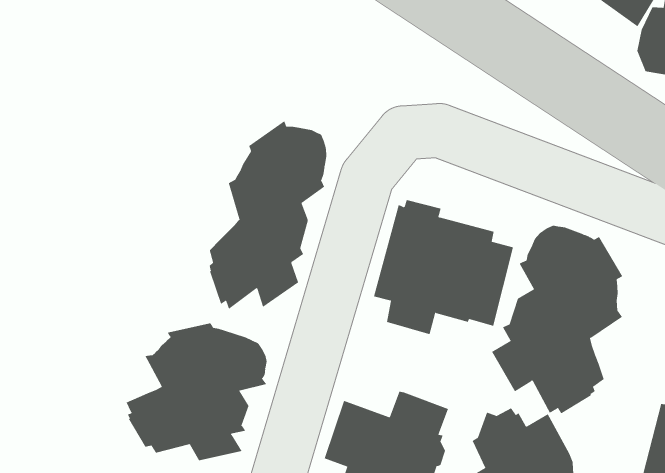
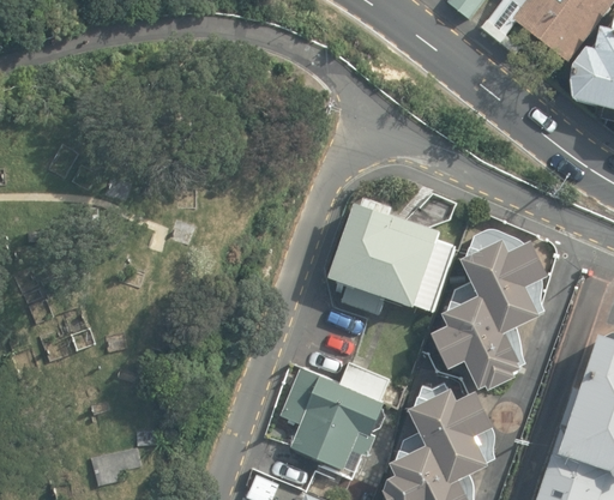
building: [209,120,327,310] -> none
building: [126,322,267,461] -> none

